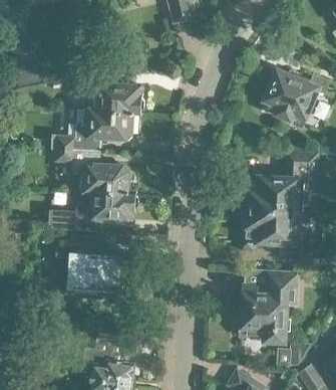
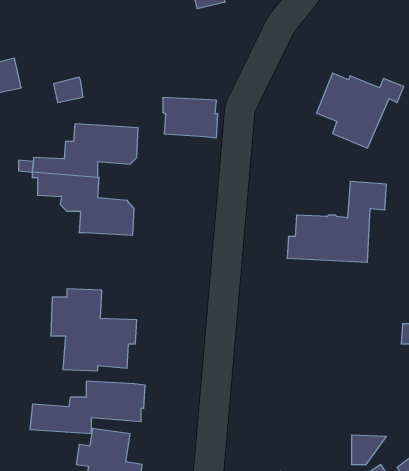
building: [98,83,139,114] -> [163,98,218,138]
building: [47,191,133,230] -> [30,381,145,434]
building: [240,210,301,254] -> none
building: [236,269,294,342] -> none

